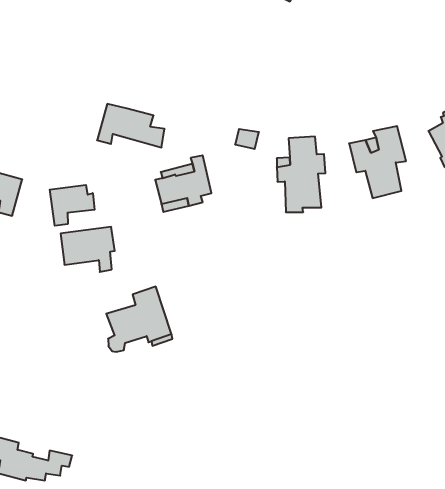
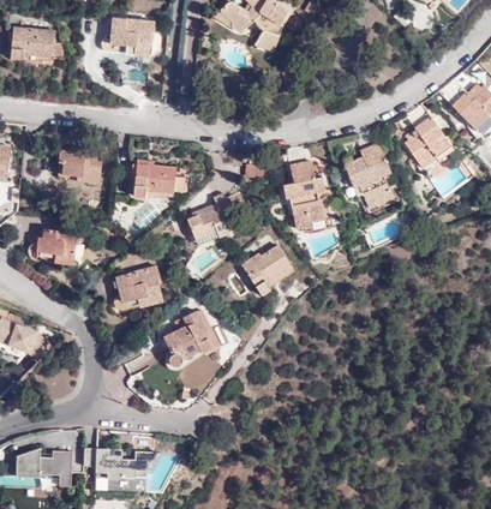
building: none -> [61,149,102,185]
building: [50,185,95,226] -> none
building: none -> [239,246,289,295]

